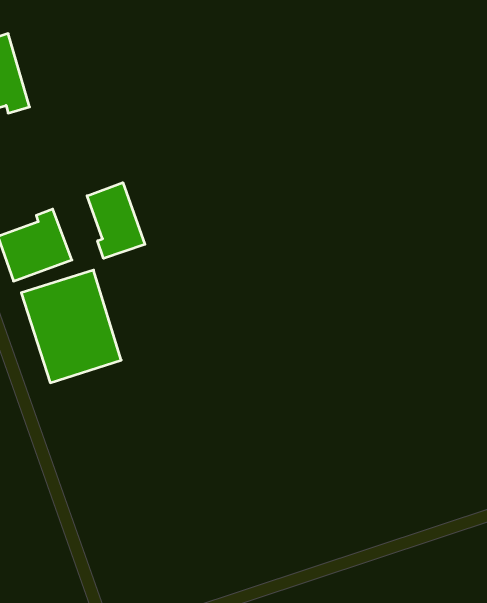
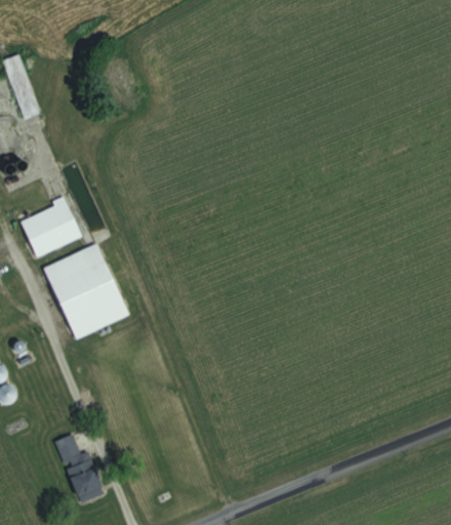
building: [87,183,145,258] -> none
building: none -> [57,433,106,507]

